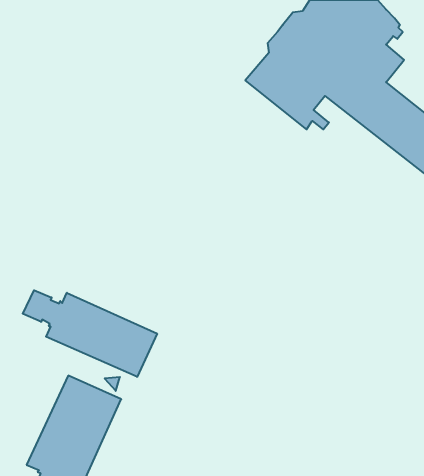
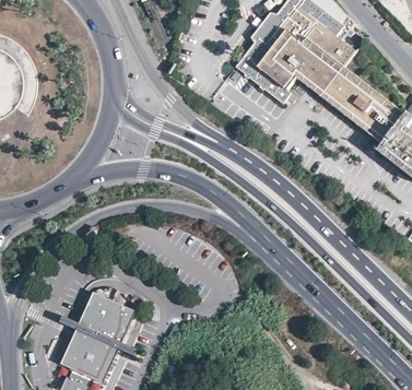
building: [23,290,157,377] -> none

